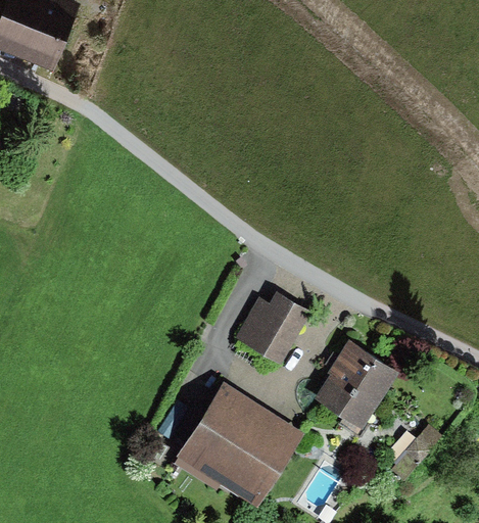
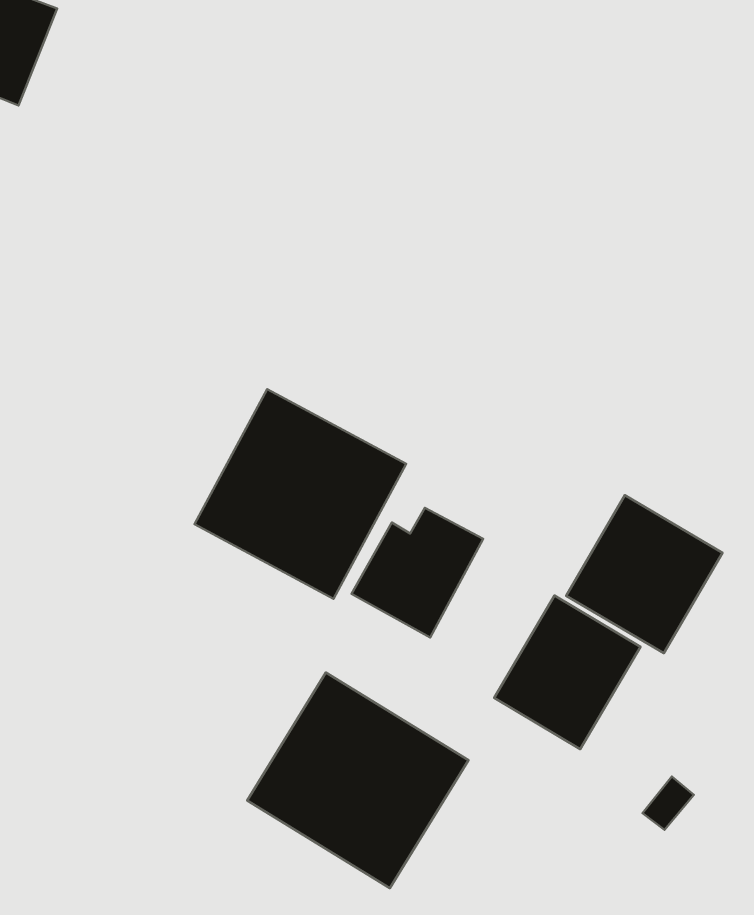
building: none -> [194,389,406,599]
building: none -> [566,495,722,653]

